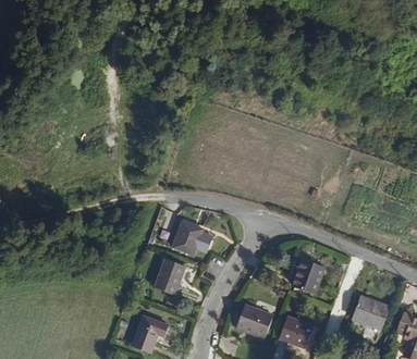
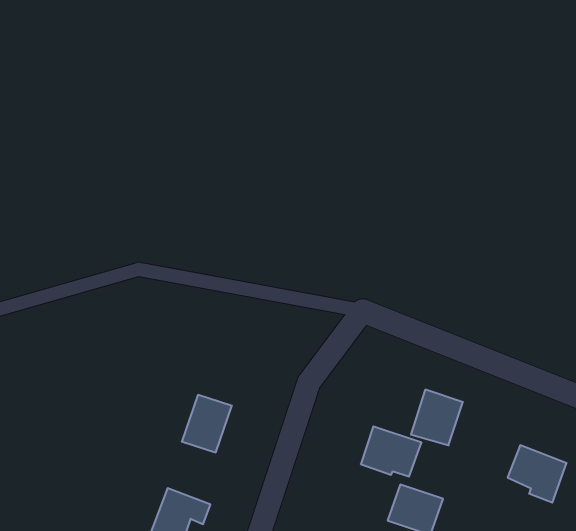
building: [172,223,203,258] -> none
building: [237,305,274,335] -> [361,426,422,477]

